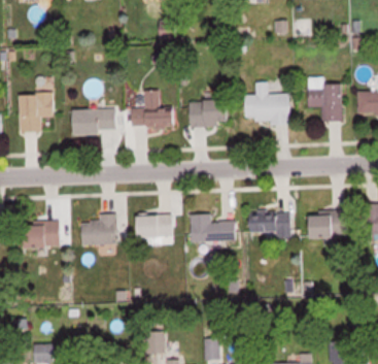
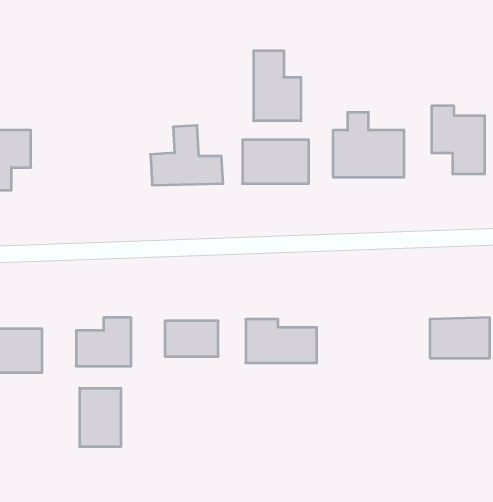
building: none -> [254,51,301,121]
building: [73,109,115,132] -> none
building: [248,211,289,235] -> none
building: none -> [80,388,121,447]

